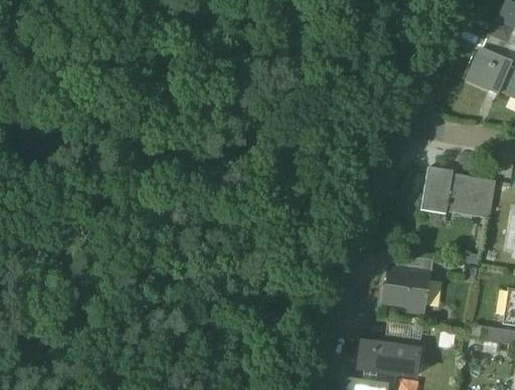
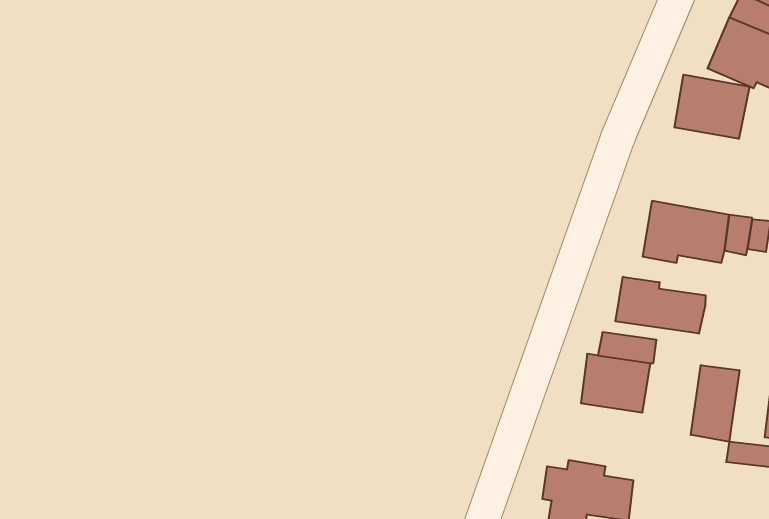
building: none -> [675,75,750,139]
building: none -> [616,277,706,334]
building: none -> [691,365,740,442]

